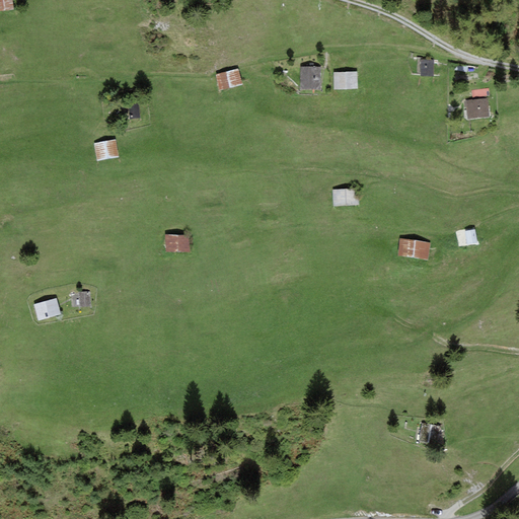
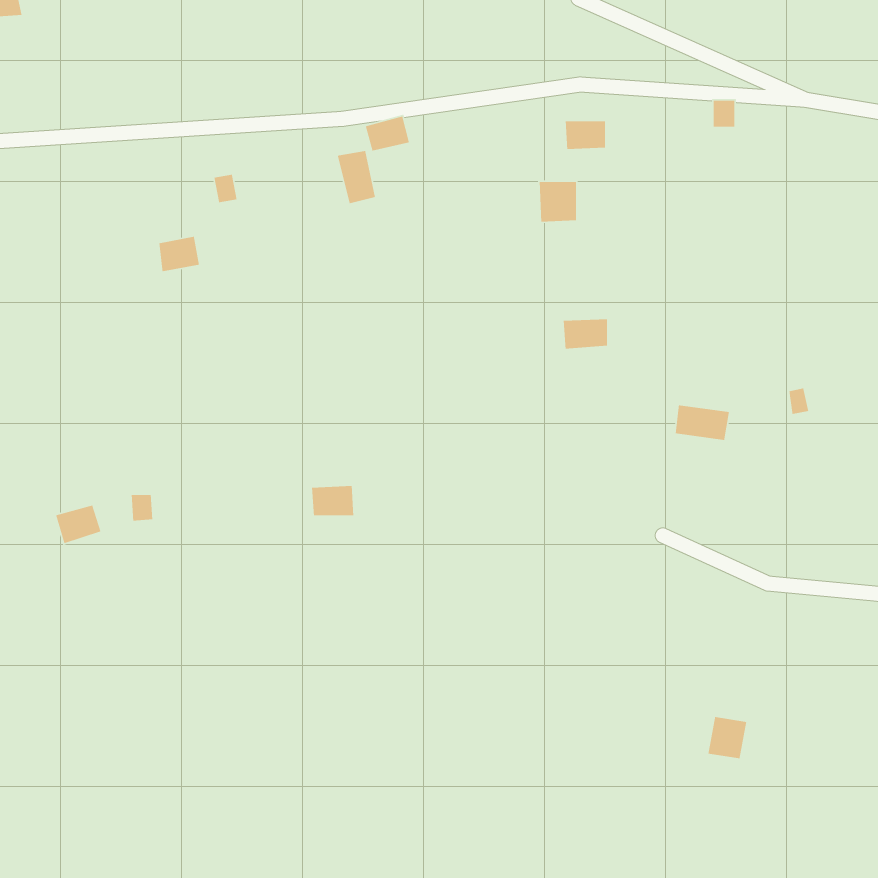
building: [299,66,321,90] -> [539,181,577,223]
building: none -> [337,150,376,204]
building: [464,97,488,119] -> none
building: [164,233,190,251] -> [311,485,354,516]

